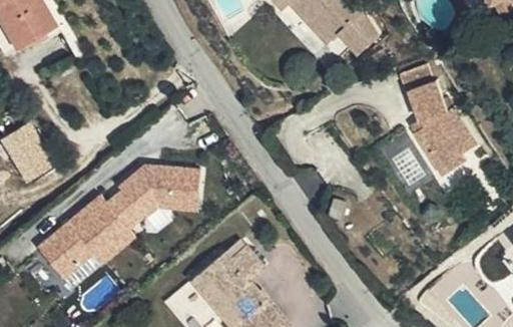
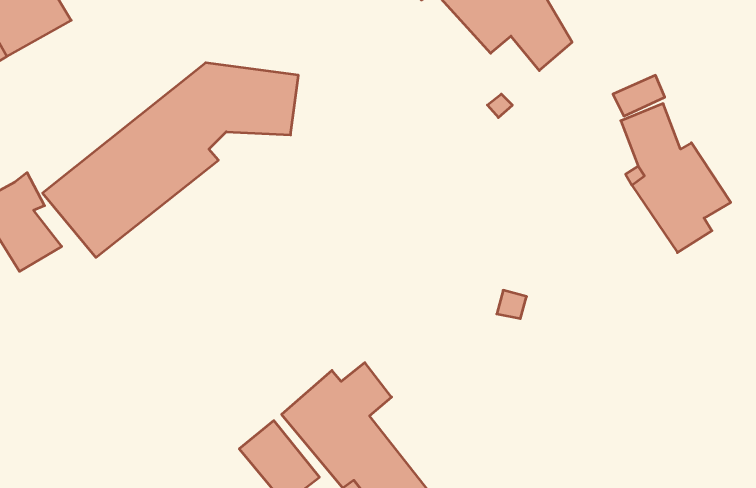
building: [38,161,201,286] -> [43,63,298,257]

